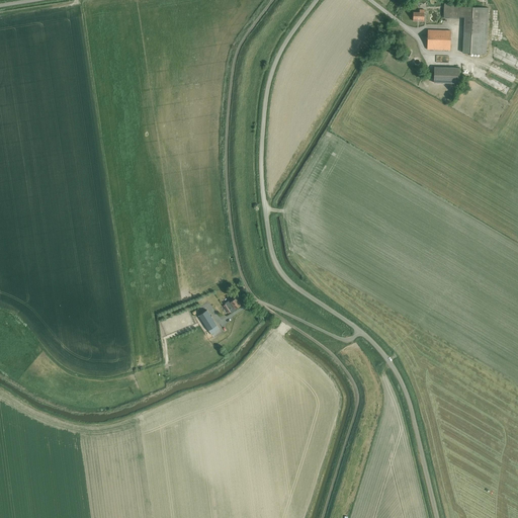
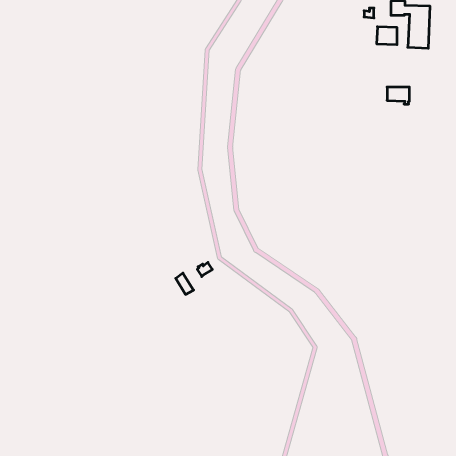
building: [434,68,459,87] -> [387,87,409,104]

